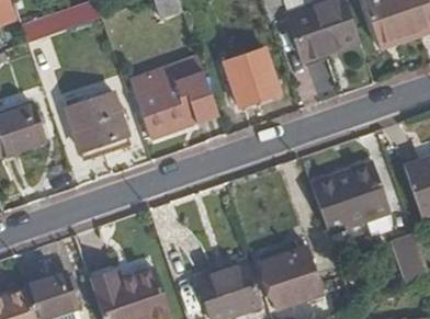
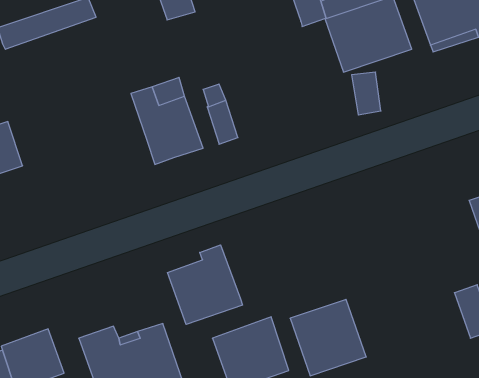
building: [224,47,279,104] -> none
building: [65,89,129,158] -> none
building: [309,160,393,237] -> none
building: none -> [167,245,242,324]

